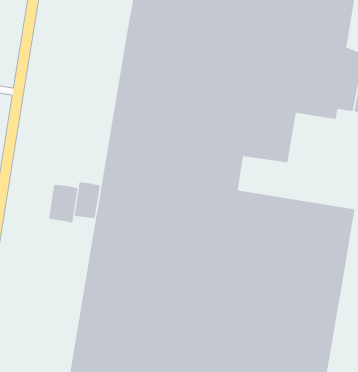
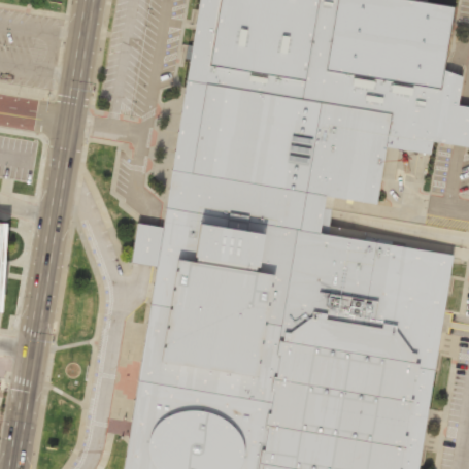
building: [49,184,78,224] -> none

